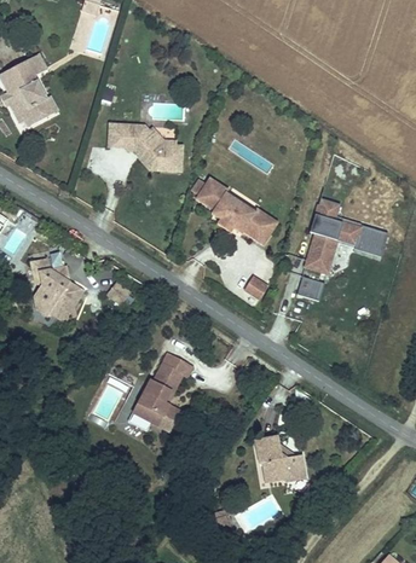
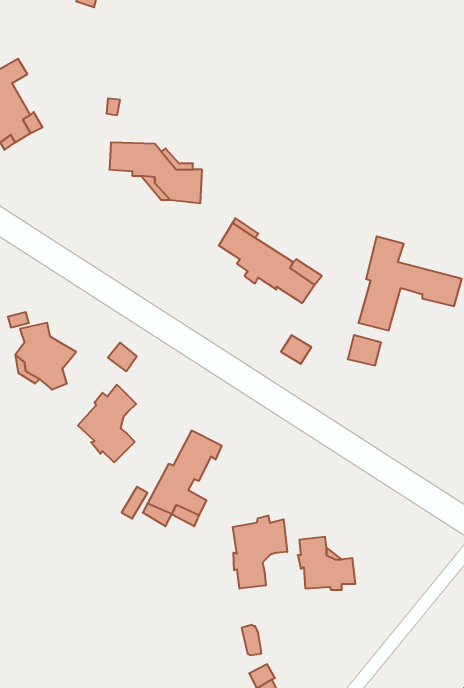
building: none -> [78,385,136,462]
building: none -> [233,515,287,589]

